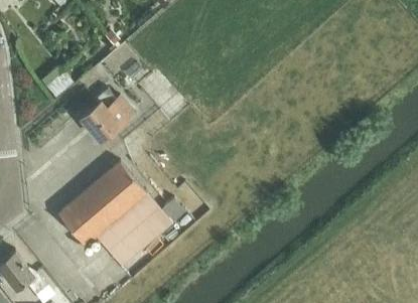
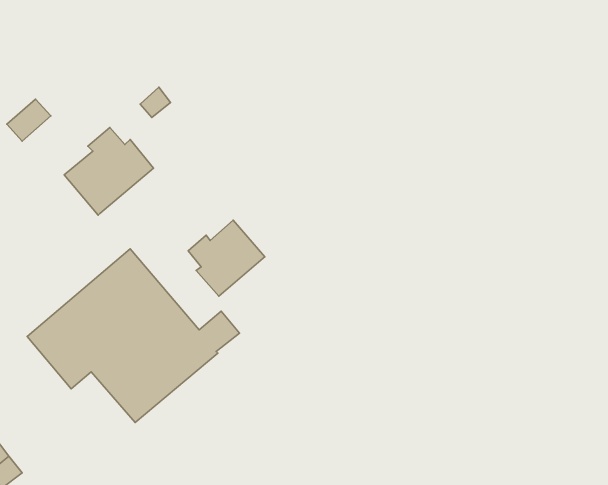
building: none -> [188,220,265,296]

